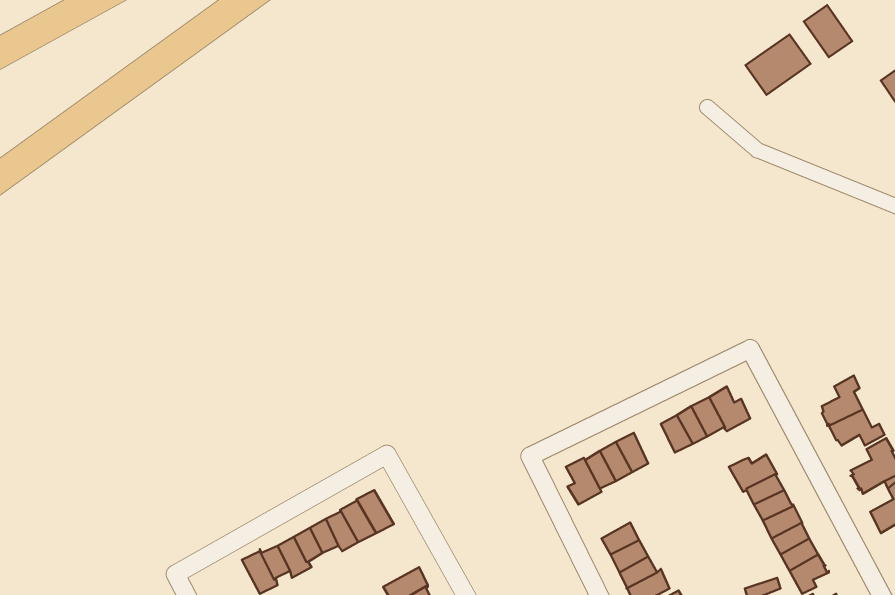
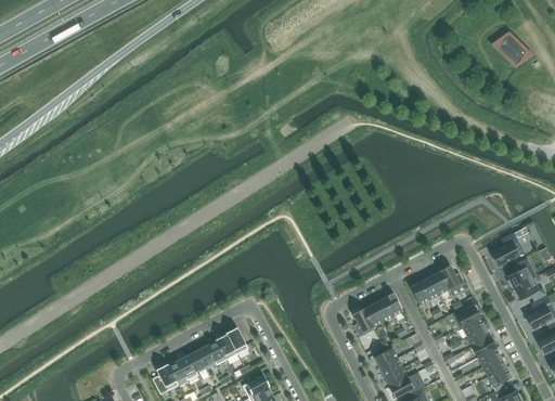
building: [746,34,810,95] -> none
building: none -> [492,234,525,268]

